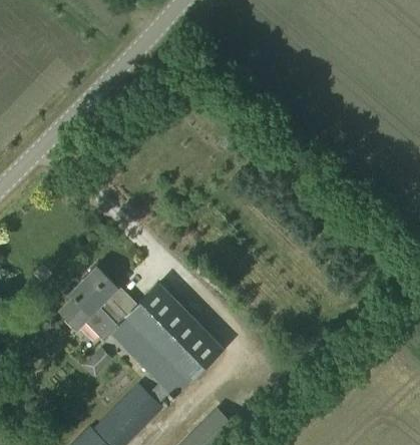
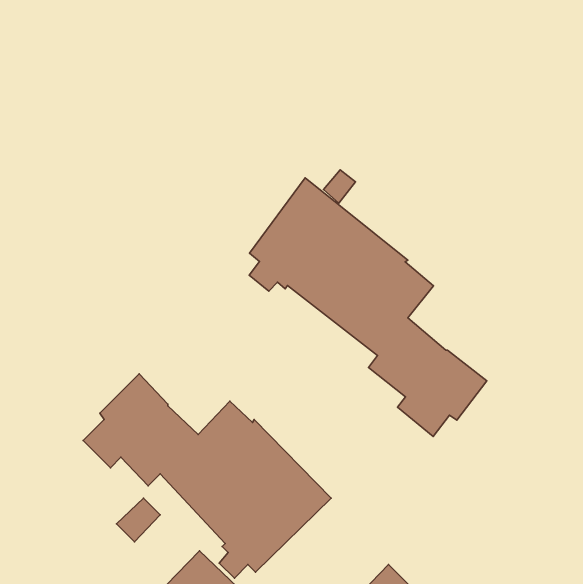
building: none -> [249,178,487,436]

